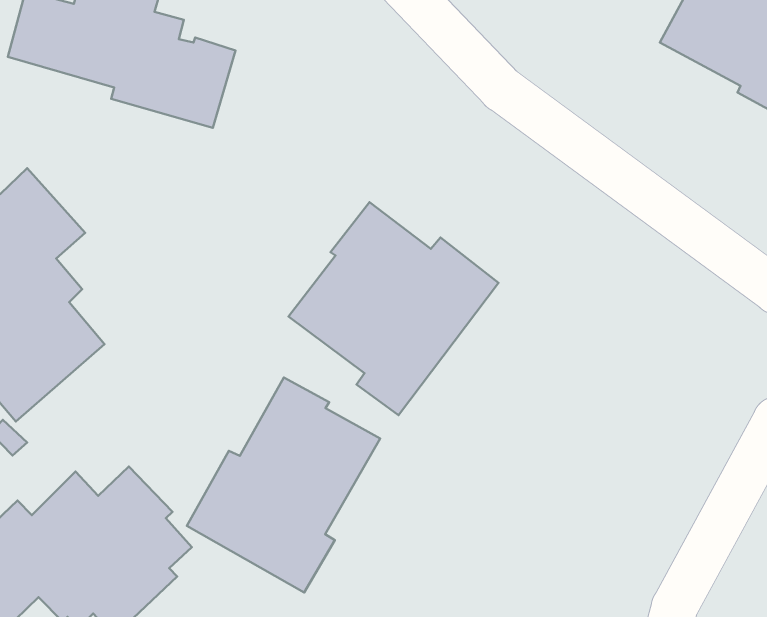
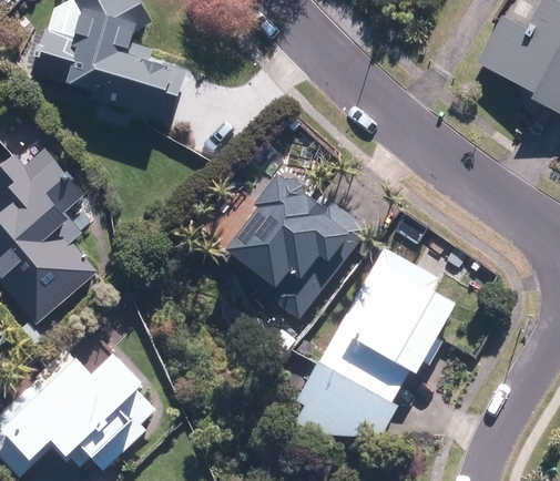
building: none -> [296,245,456,437]
building: [187,378,380,592] -> none

